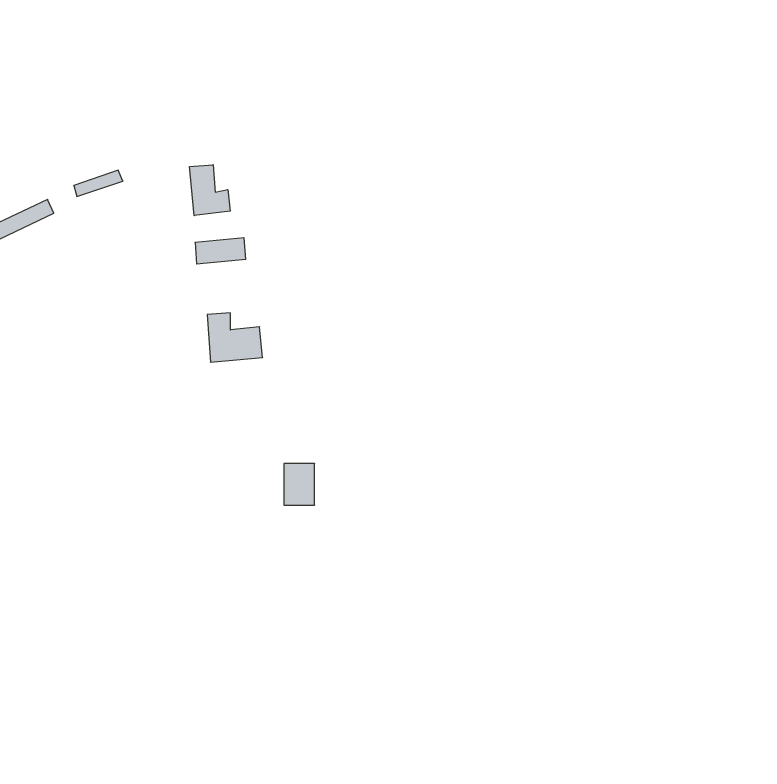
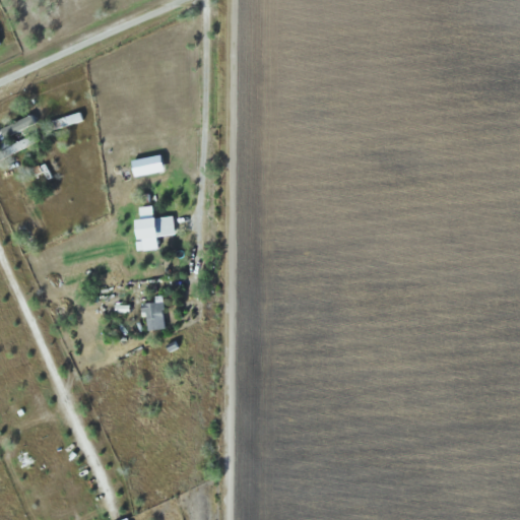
building: [190,165,230,216] -> none
building: [284,464,315,505] -> [142,303,162,330]

